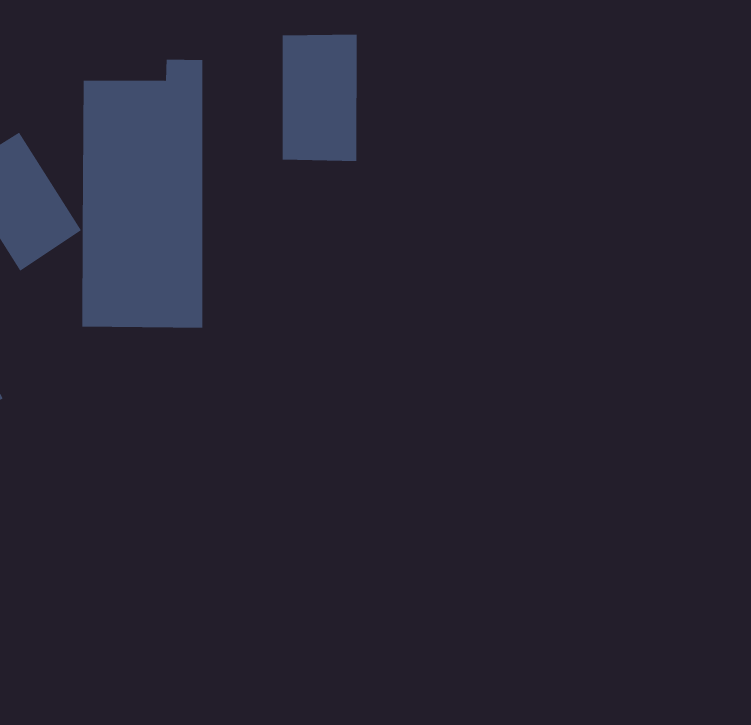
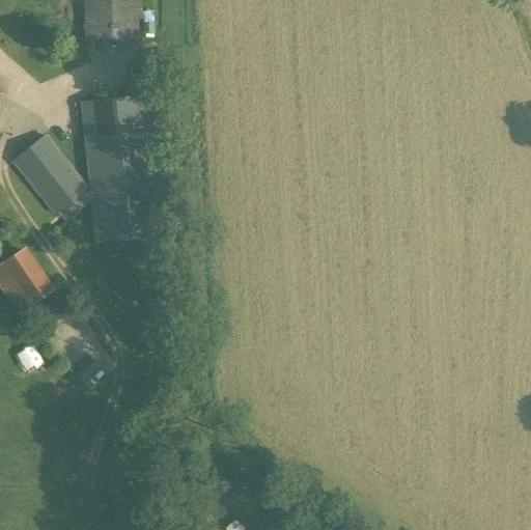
building: [282,34,357,162] -> none

